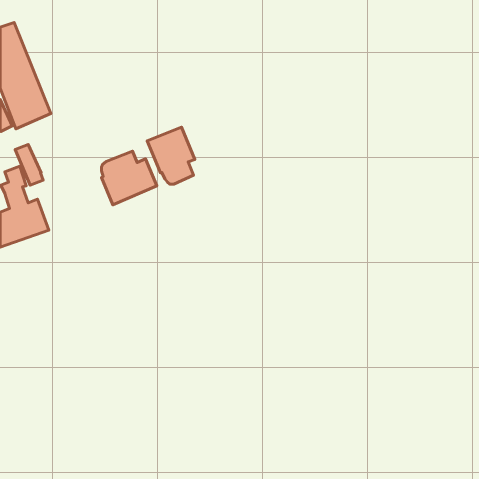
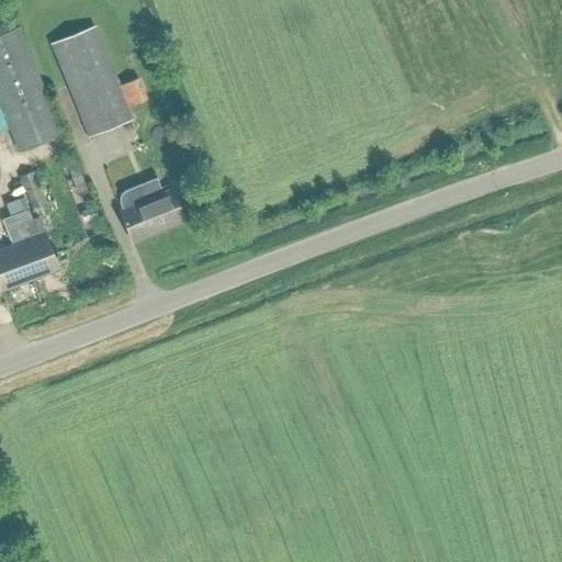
building: none -> [52,24,132,135]
building: [147,127,195,184] -> none

